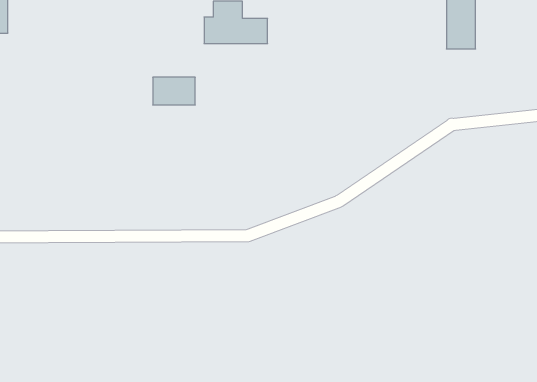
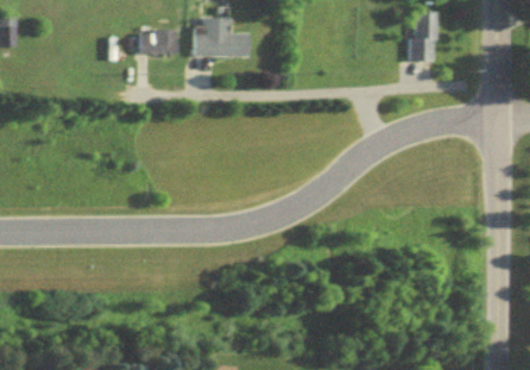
building: [153,77,195,105] -> [141,31,179,56]

